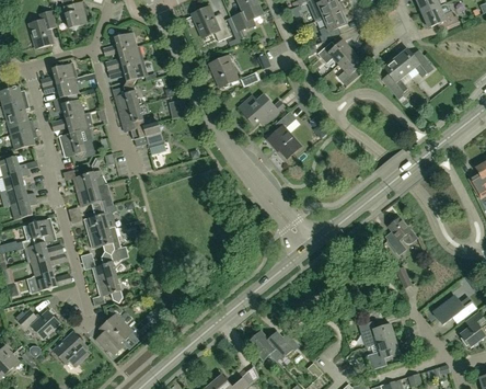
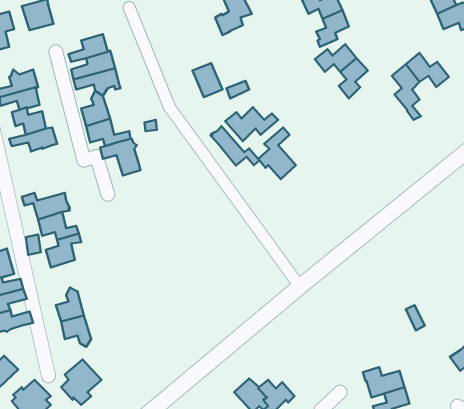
building: [192,7,231,41] -> none
building: none -> [210,126,259,165]
building: [59,127,94,157] -> none
building: [384,216,417,250] -> none
building: [88,226,120,254] -> none

